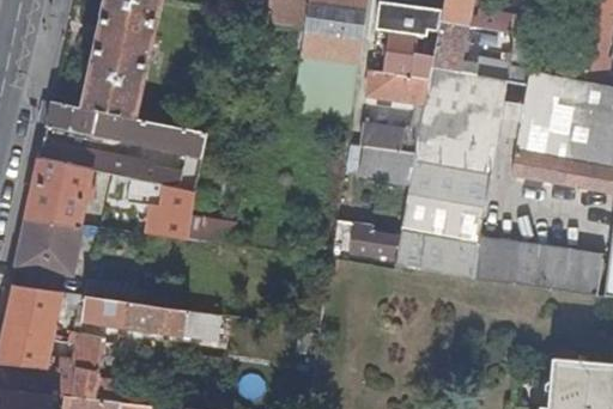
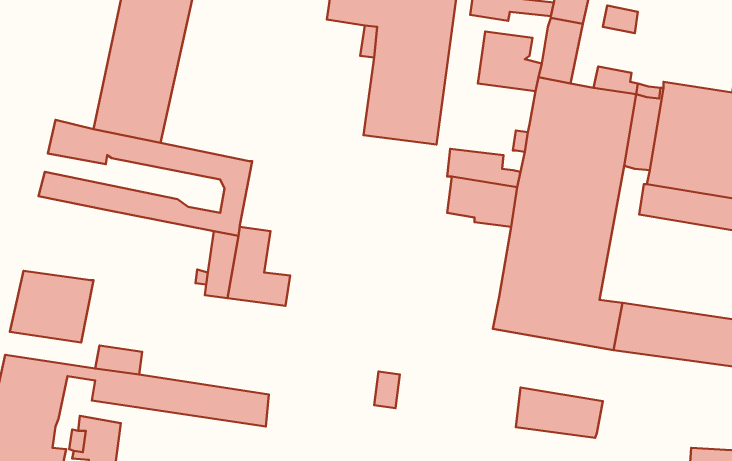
building: [366,69,429,104] -> none
building: [26,160,93,226] -> none
building: [332,228,400,268] -> [516,387,603,438]

